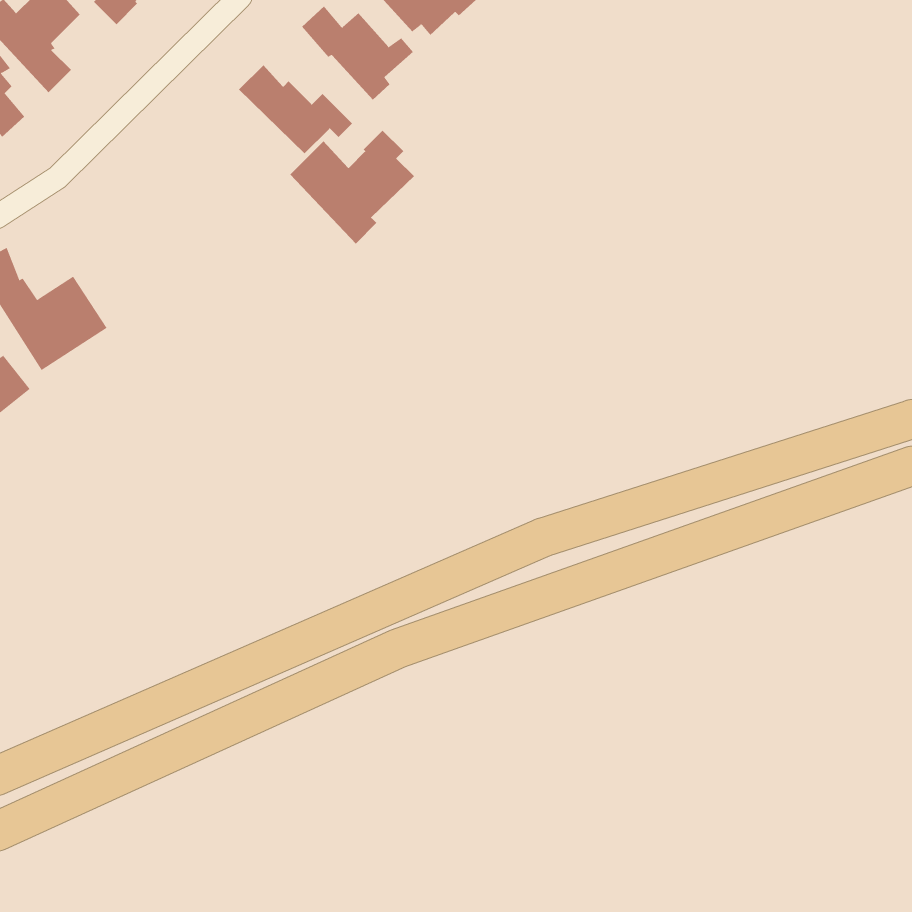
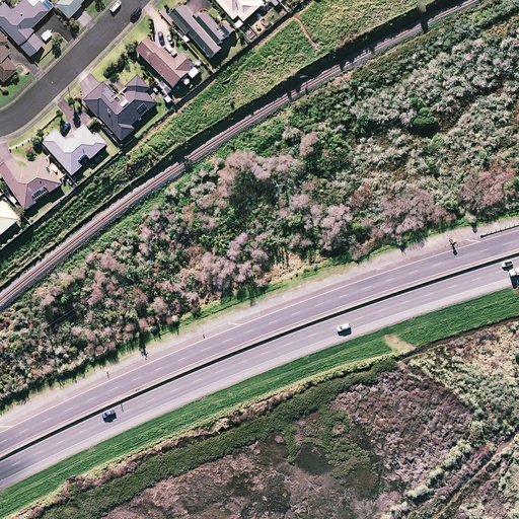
building: [289,130,415,244] -> [83,76,154,141]
building: none -> [41,125,105,175]

